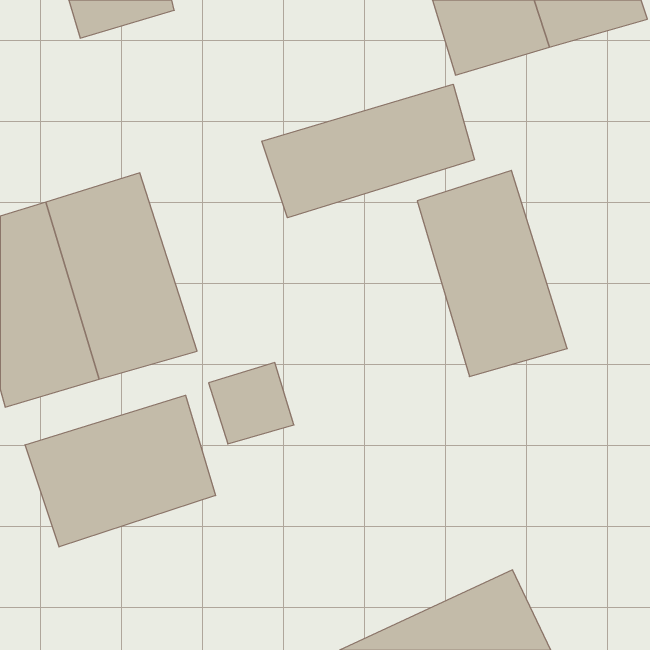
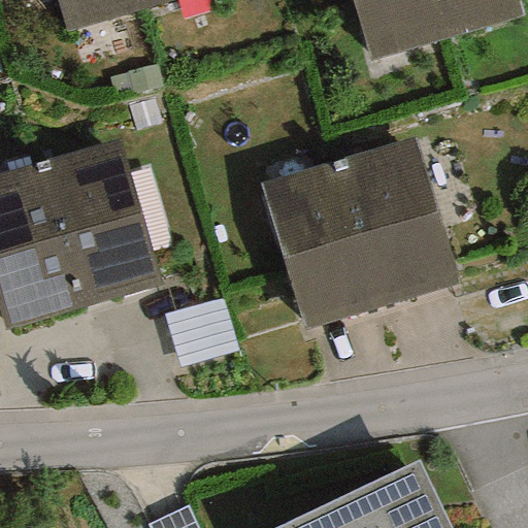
building: [262,84,475,218] -> none
building: none -> [262,163,381,328]
building: [25,395,216,547] -> none

